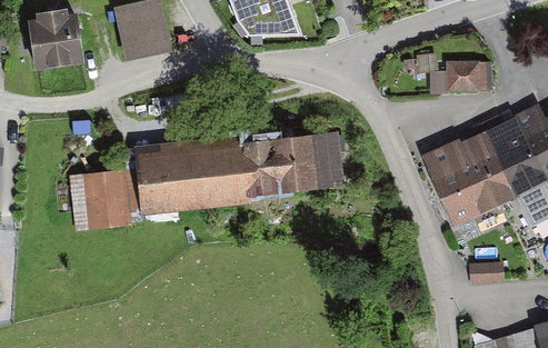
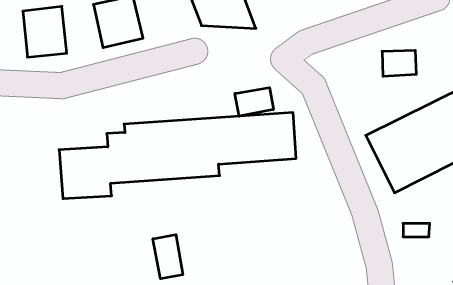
building: none -> [235,88,273,116]
building: none -> [153,235,183,279]

